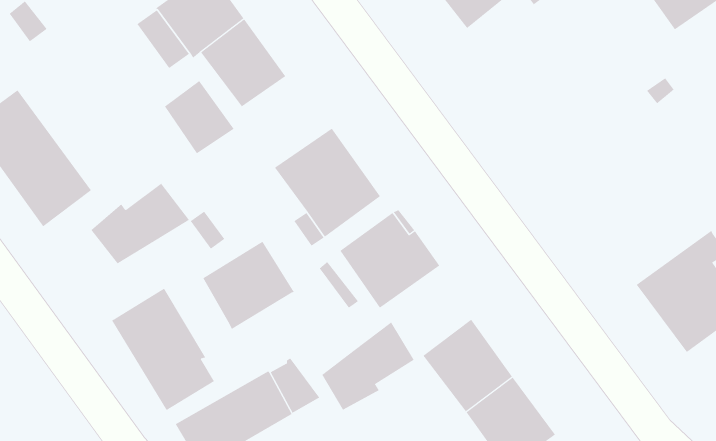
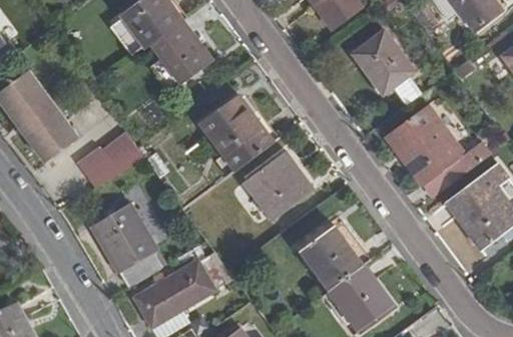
building: none -> [354,31,421,104]
building: [164,80,234,154] -> none
building: none -> [386,106,488,186]
building: [202,241,294,330] -> none
building: [322,322,414,411] -> none

